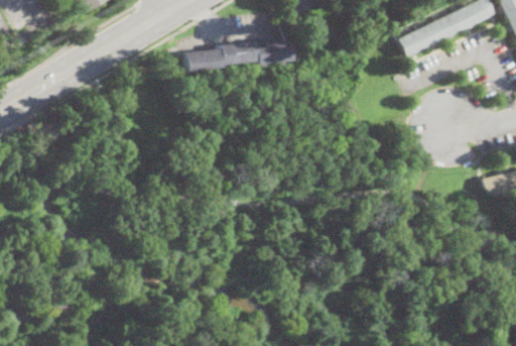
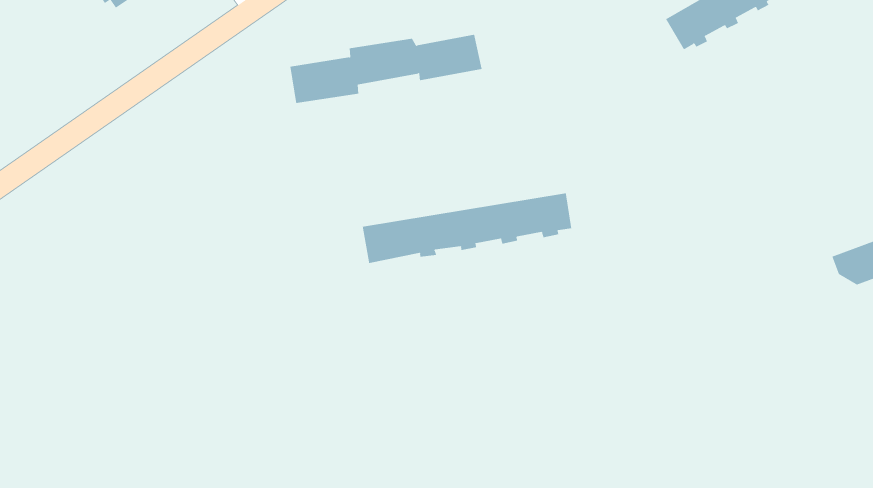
building: none -> [362,193,572,264]

